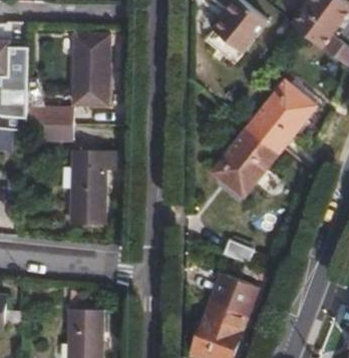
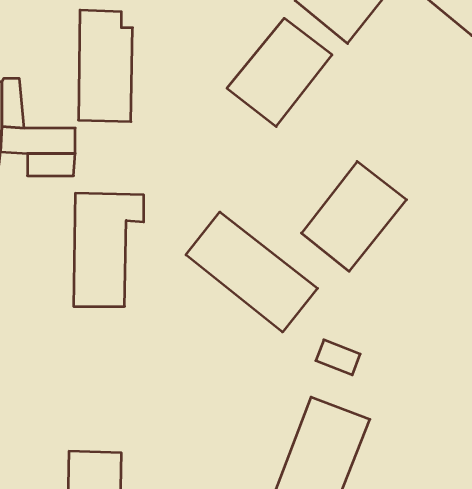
building: [250,83,316,151] -> [227,18,332,127]
building: none -> [186,212,318,332]

